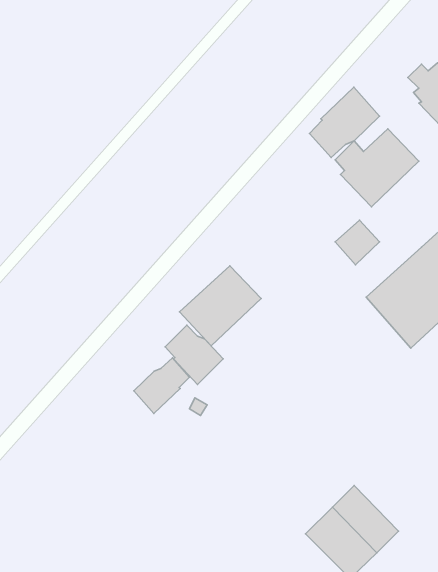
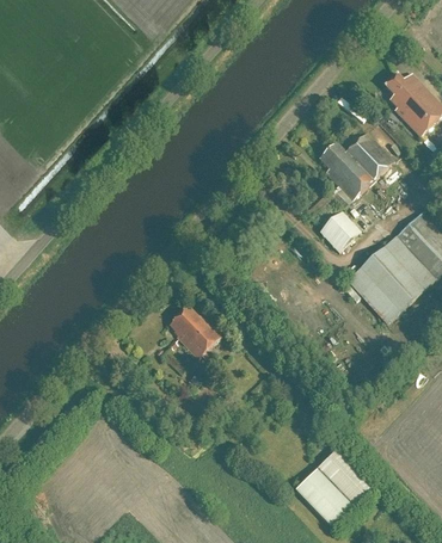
building: [309,87,380,158] -> none
building: [180,266,261,346] -> none
building: [134,358,189,413] -> none

